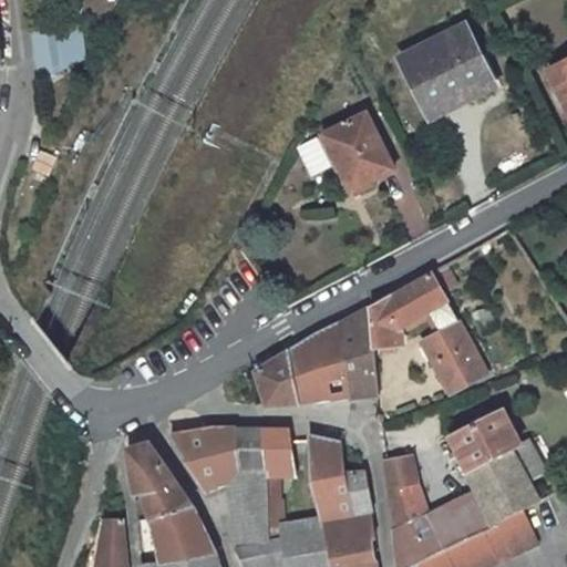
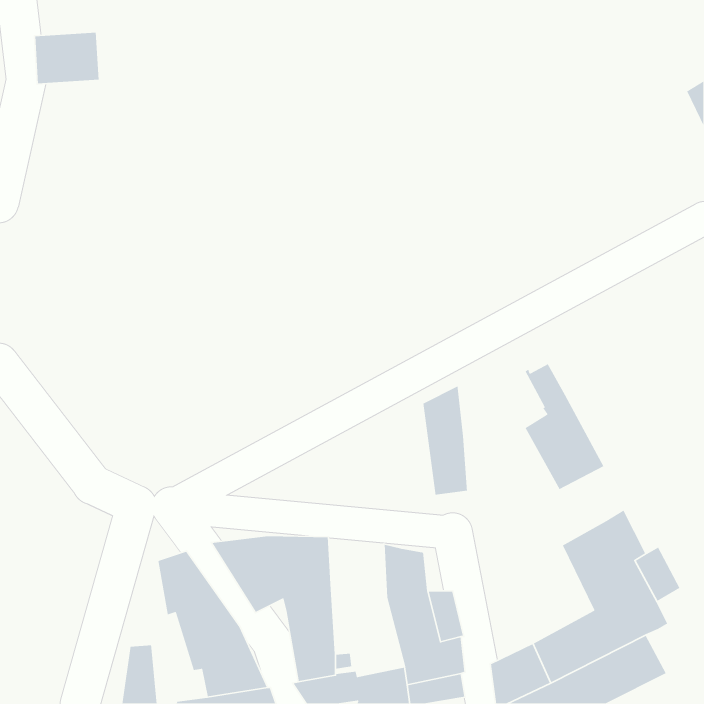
building: [403,30,494,111] -> none
building: [329,117,396,192] -> none
building: [368,265,456,350] -> none
building: [257,323,349,405] -> none
building: [264,431,292,468] -> none
building: [383,456,427,533] -> none

